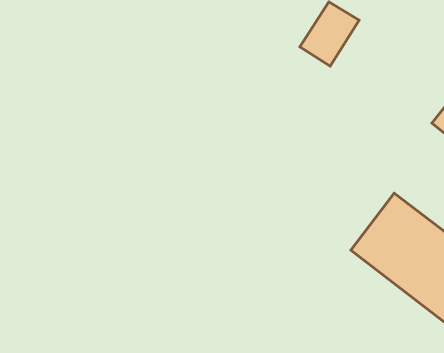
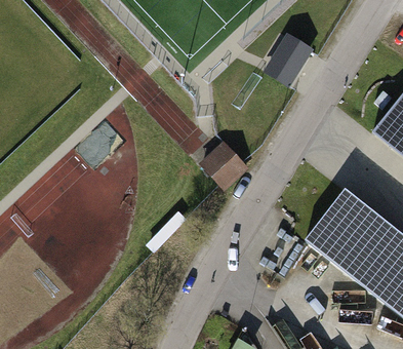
building: none -> [199,138,249,188]

